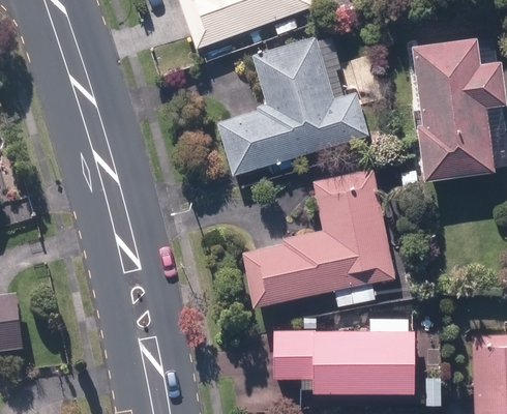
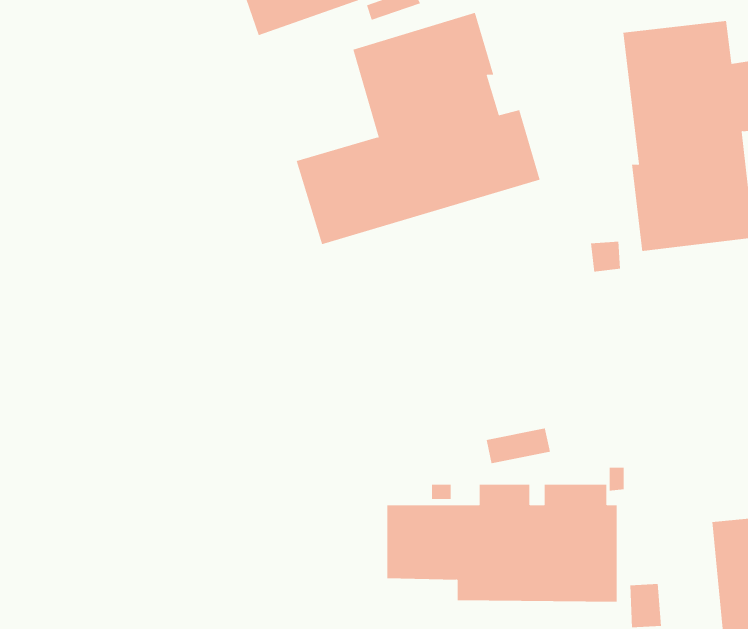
building: [244,172,392,306] -> none

